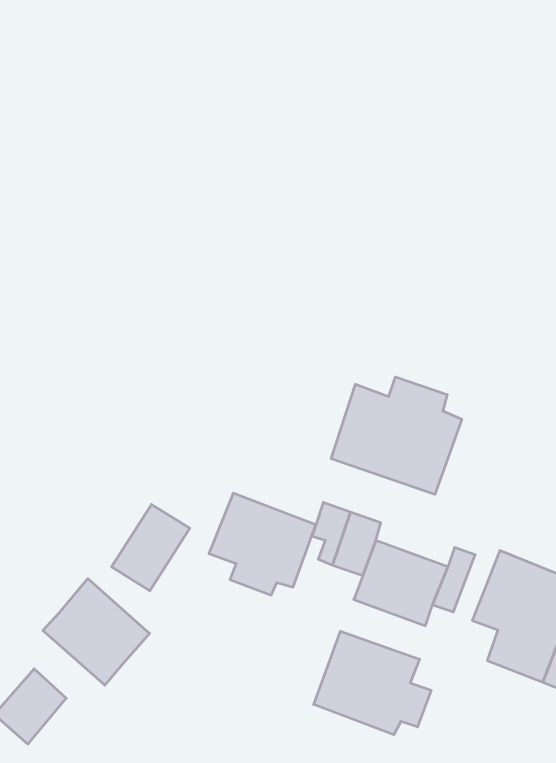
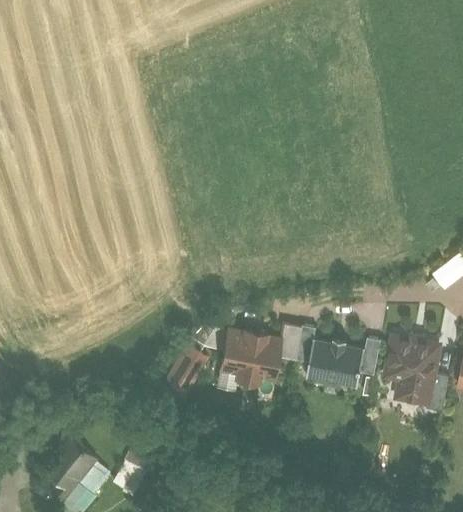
building: [331,377,462,494] -> none
building: [43,579,150,685] -> none
building: [314,631,431,735] -> none

